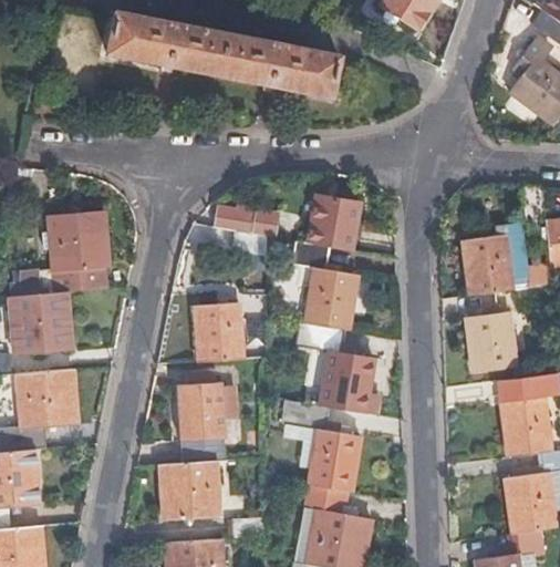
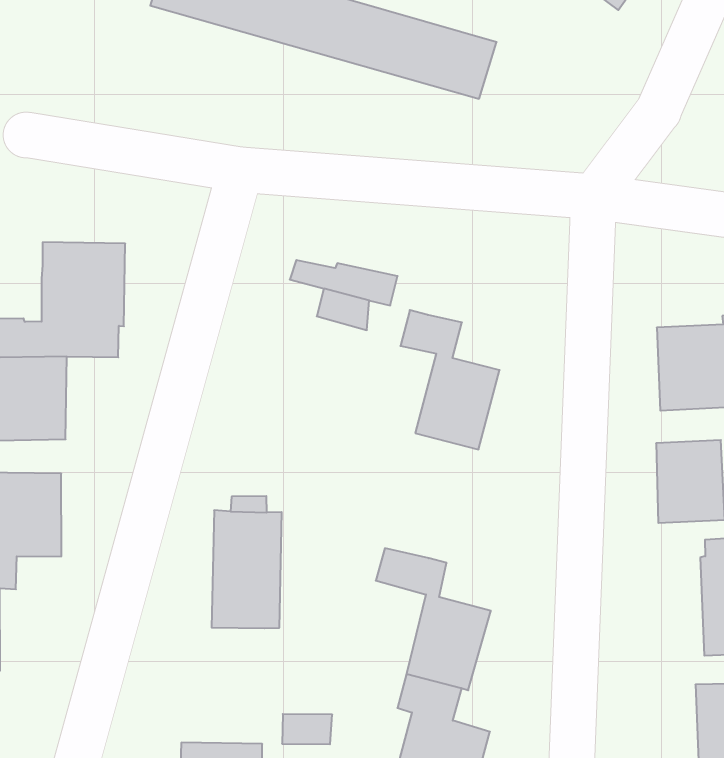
building: [308,189,361,250] -> none
building: [194,303,242,362] -> none
building: [301,323,378,415] -> none
building: [159,462,218,519] -> none

